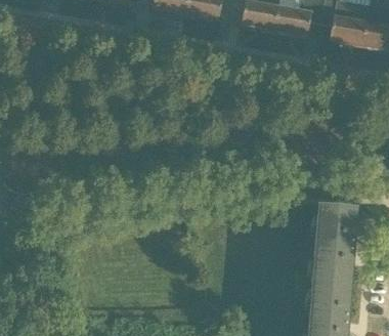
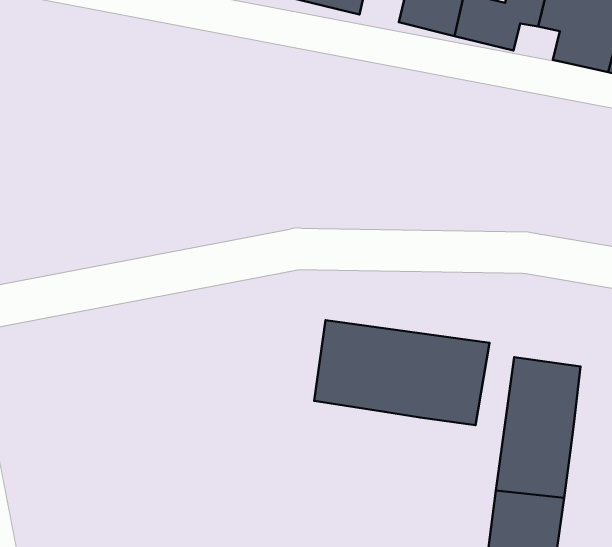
building: none -> [314,320,489,425]

